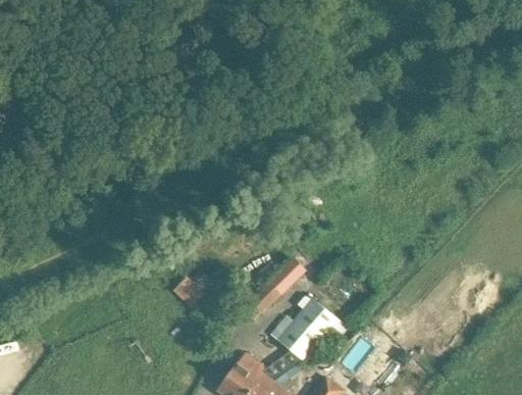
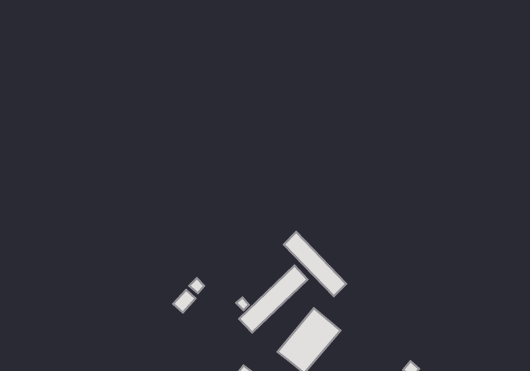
building: none -> [284,232,346,296]

